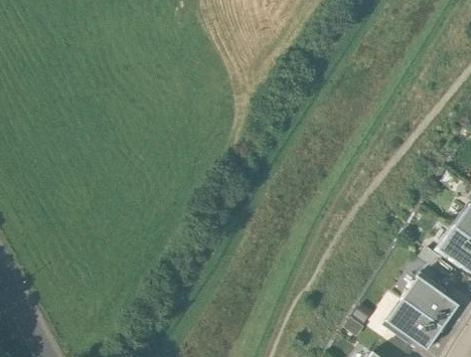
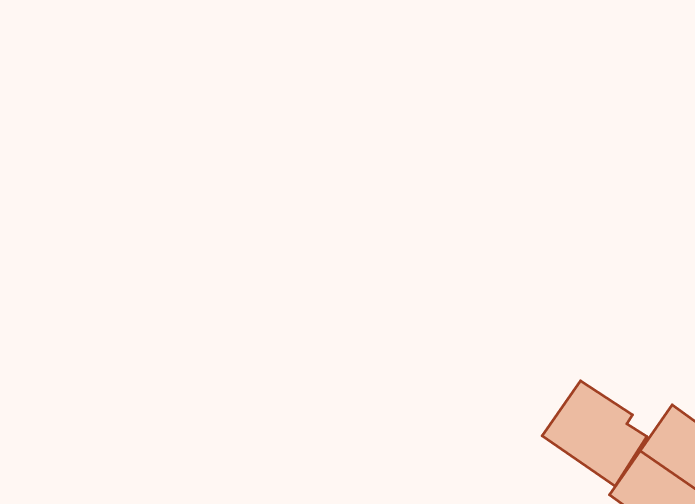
building: none -> [542,381,647,486]

